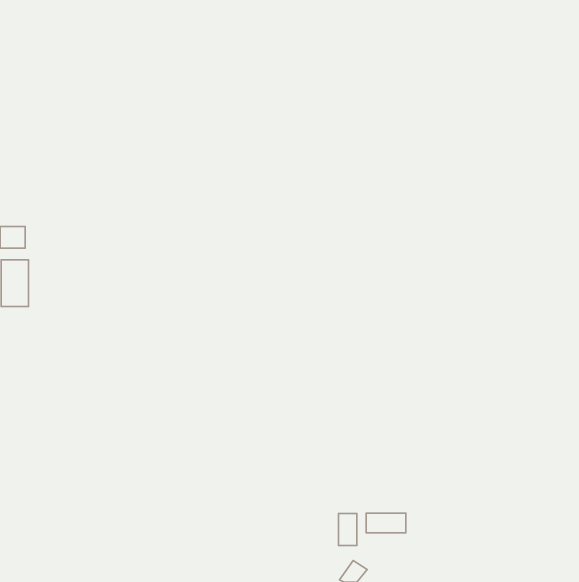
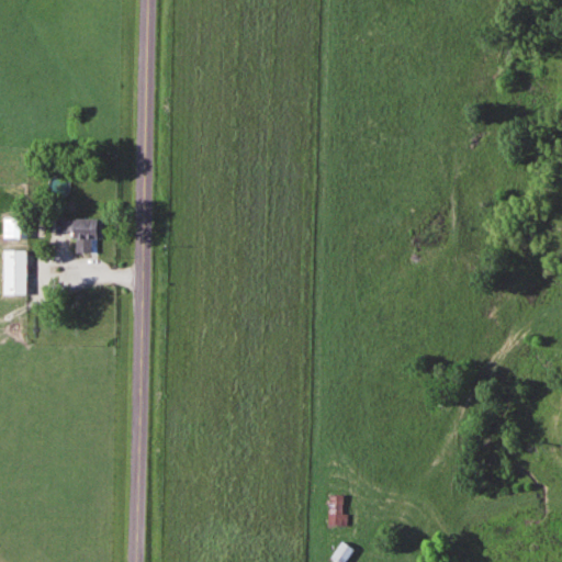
building: none -> [64,218,102,254]
building: [366,513,406,533] -> none

